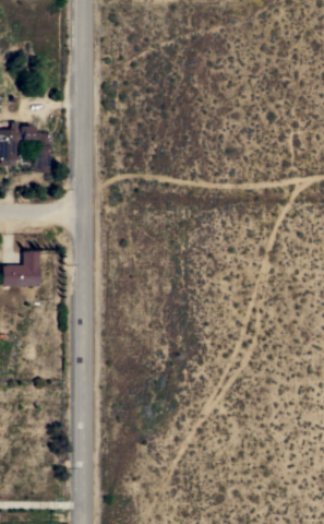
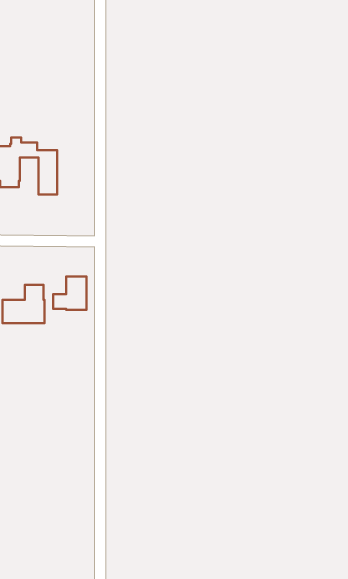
building: none -> [53,277,86,310]

